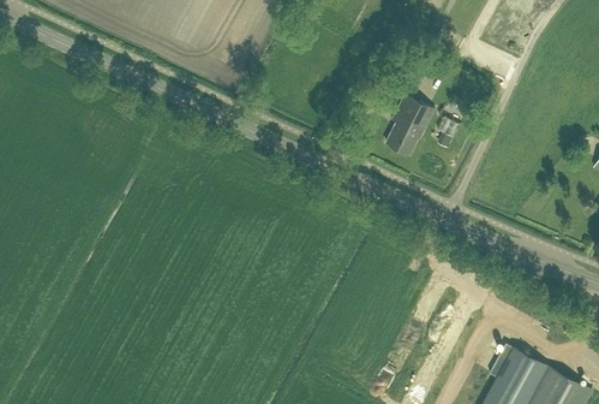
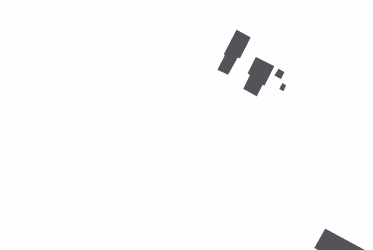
building: none -> [216,28,252,76]

